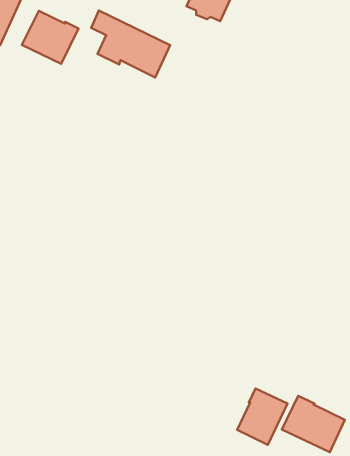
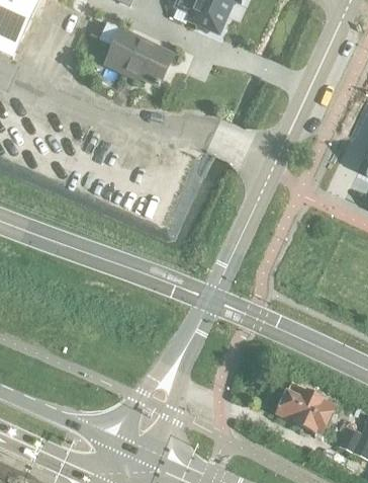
building: [22,11,78,64] -> none
building: [237,388,287,445] -> none

